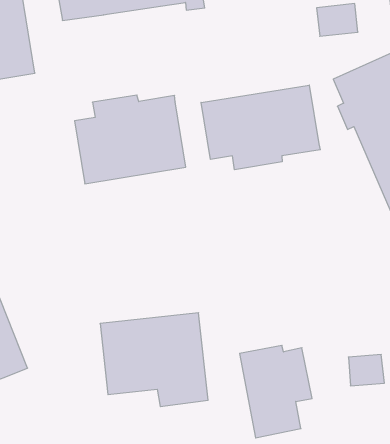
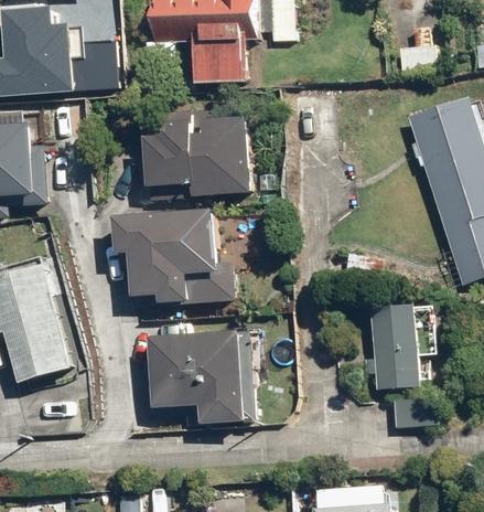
building: none -> [187,28,247,79]
building: [201,85,320,170] -> none
building: none -> [116,214,239,307]
building: [240,345,312,438] -> [364,295,431,384]

